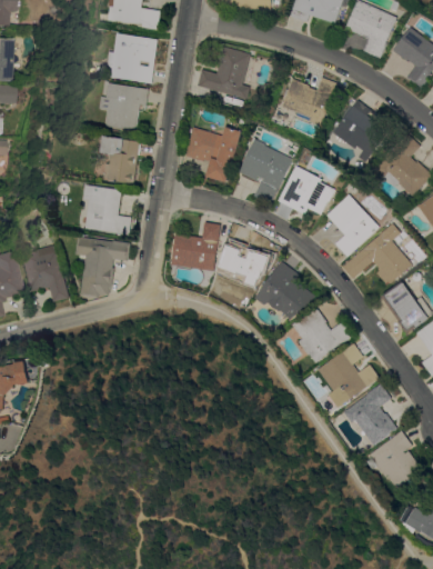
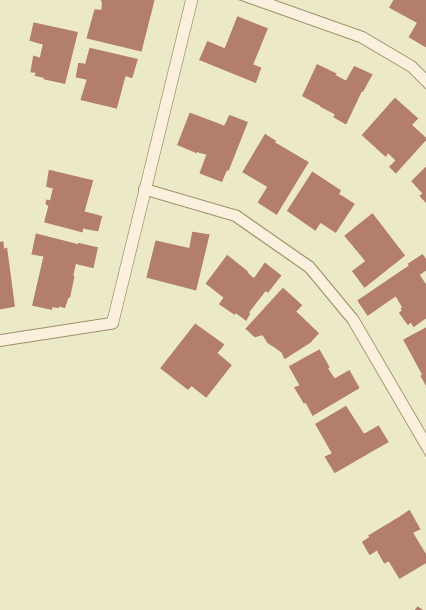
building: [100,136,140,183] -> [28,22,79,84]
building: none -> [159,322,233,399]
building: [344,382,397,445] -> none

